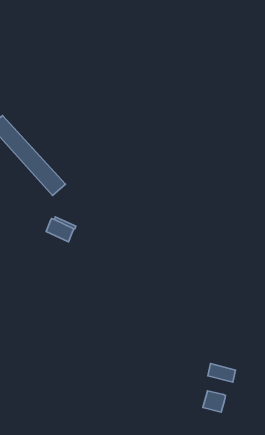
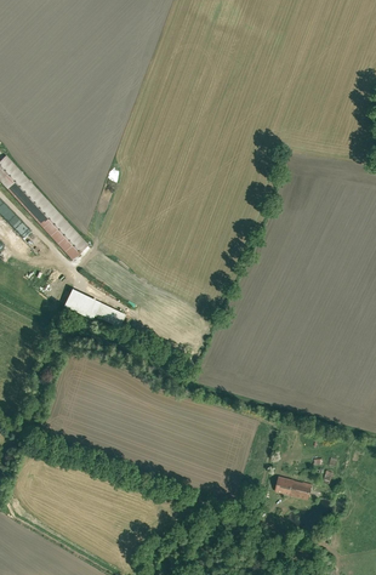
building: [203,391,226,412] -> none

